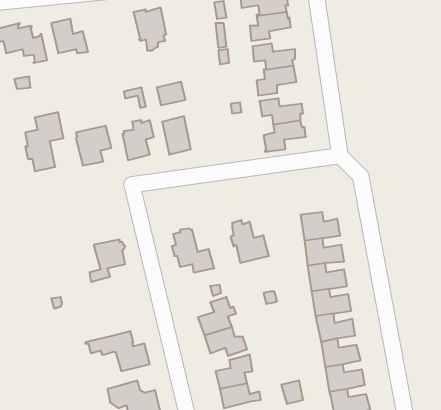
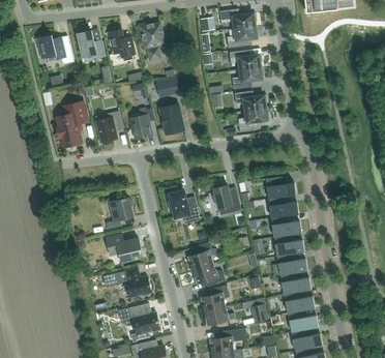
building: none -> [103,27,136,62]
building: none -> [106,234,141,262]

